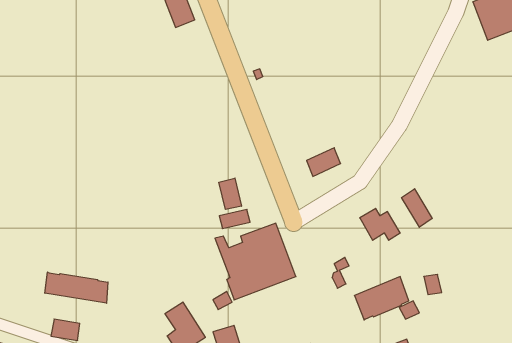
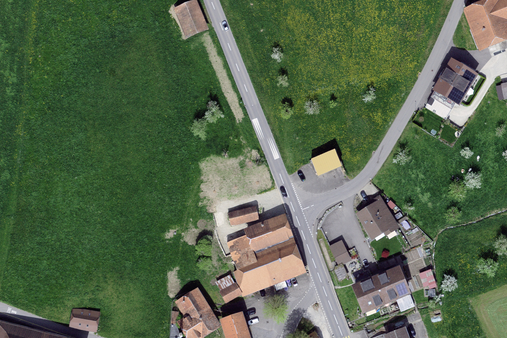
building: none -> [436,60,474,100]
building: [219,178,241,209] -> none
building: [402,189,432,227] -> none
building: [45,272,108,303] -> none

